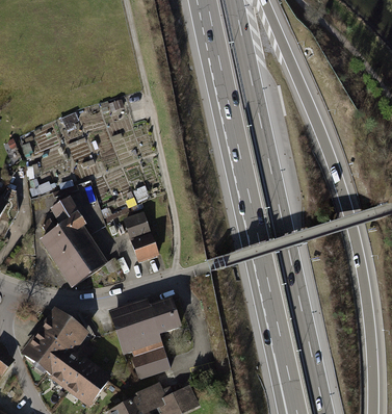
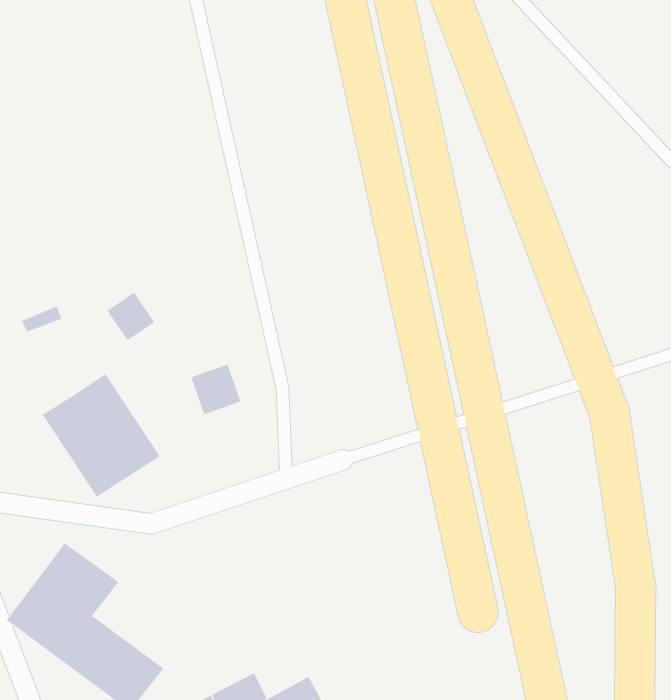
building: [49,200,76,227] -> [106,292,155,341]
building: [131,235,158,260] -> none
building: [113,297,177,376] -> none

